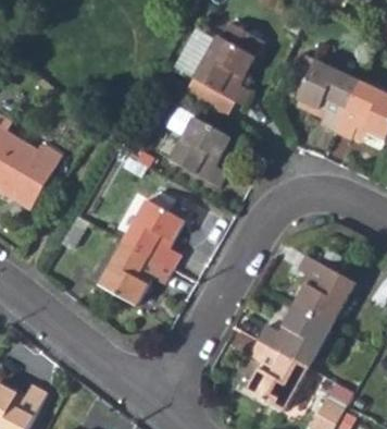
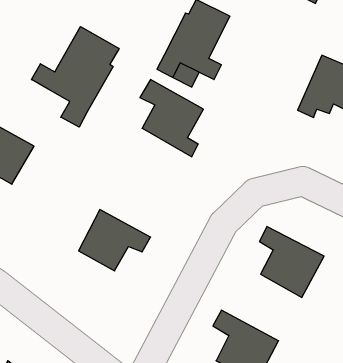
building: none -> [31,27,119,127]
building: [284,54,354,133] -> none
building: [126,191,188,263] -> none
building: [251,302,334,370] -> none

